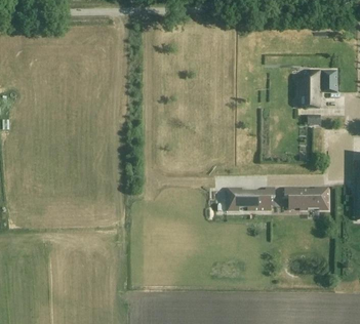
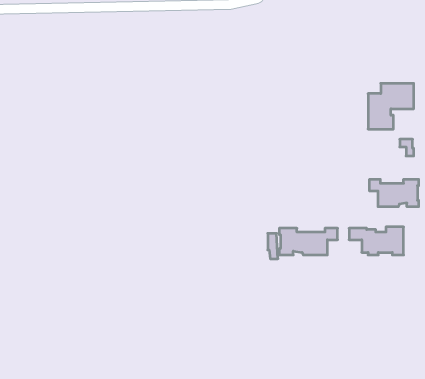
building: none -> [370,179,419,207]

